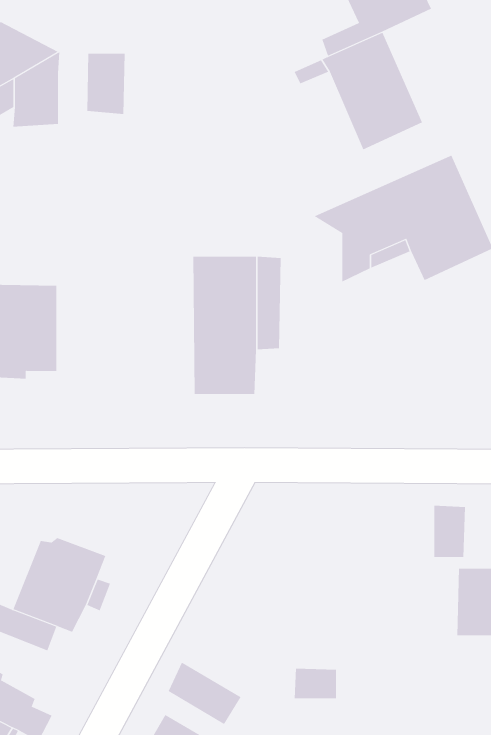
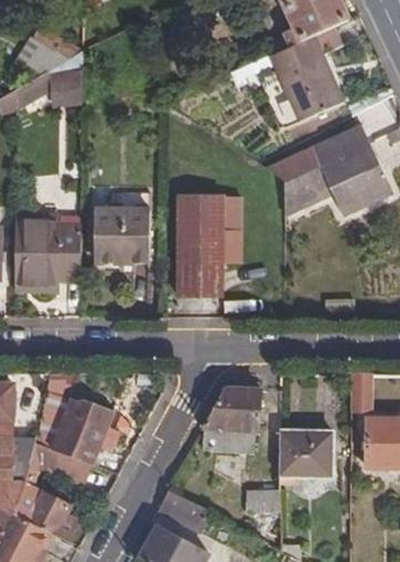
building: [87,53,125,115] -> none
building: none -> [93,211,148,262]
building: none -> [202,390,262,453]
building: none -> [280,432,332,475]

